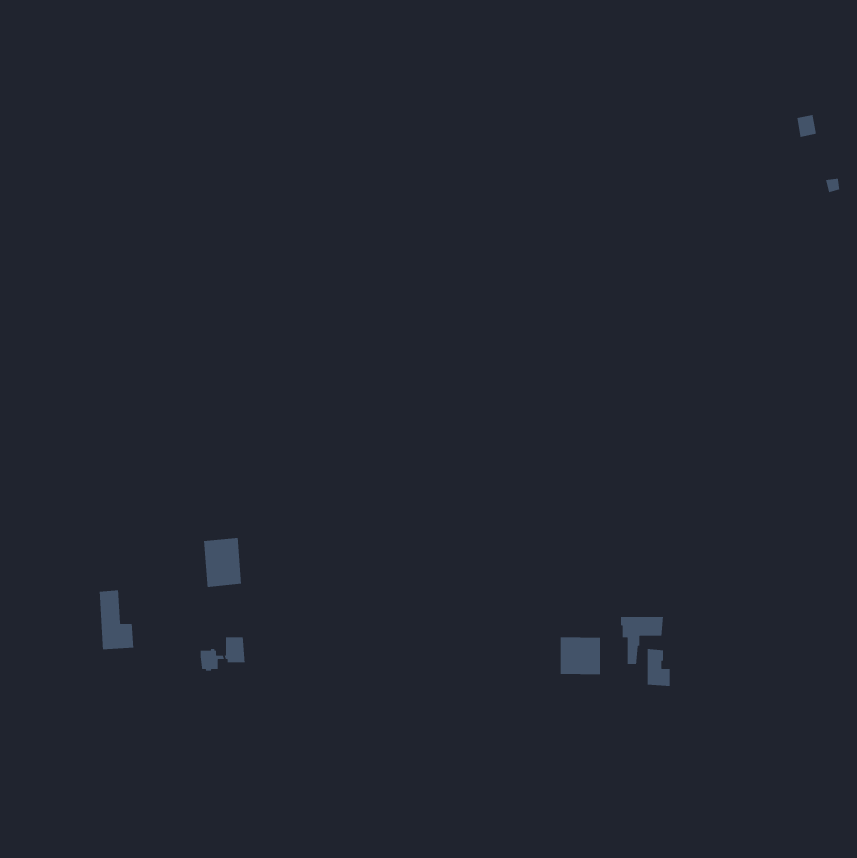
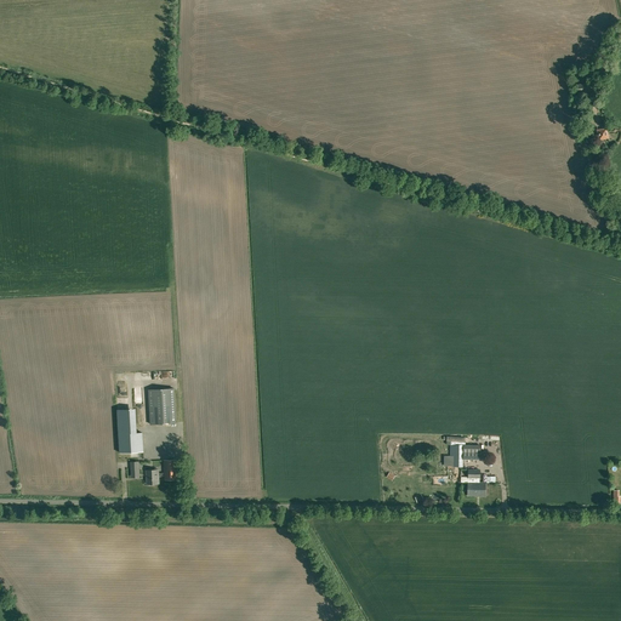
building: [99,590,134,650] -> [116,409,142,452]
building: [560,636,601,675] -> none

